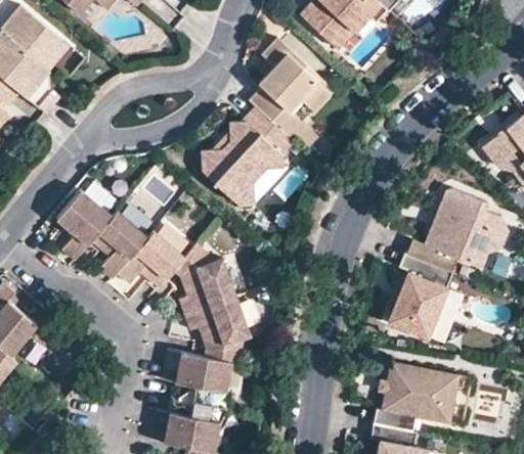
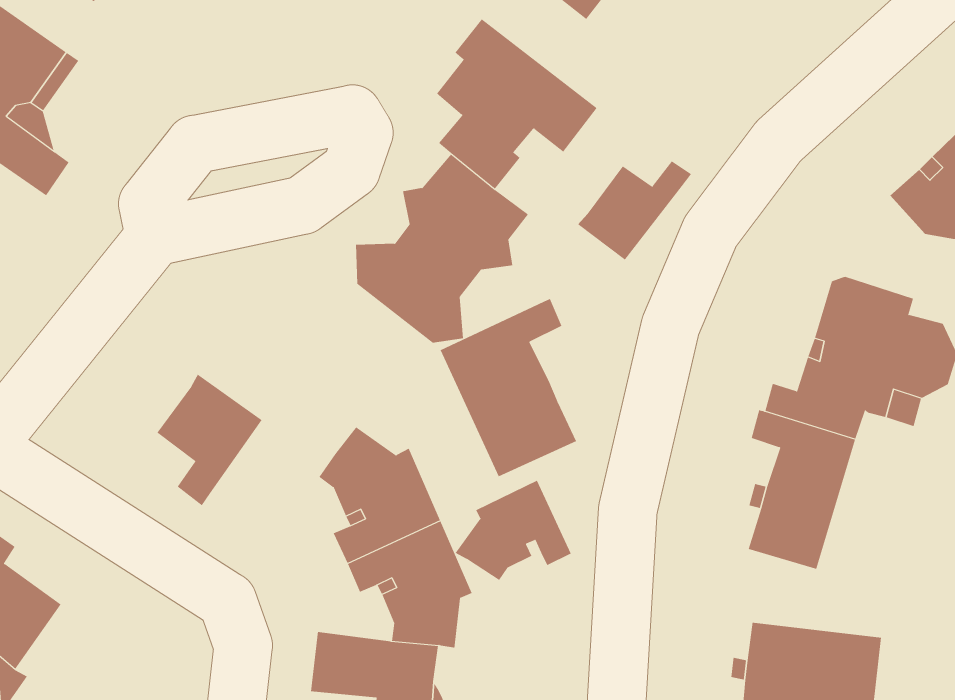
building: none -> [577,161,692,261]
building: none -> [440,298,577,477]
building: [55,190,112,261] -> none
building: [118,231,183,286] -> none
building: none -> [455,480,572,581]

